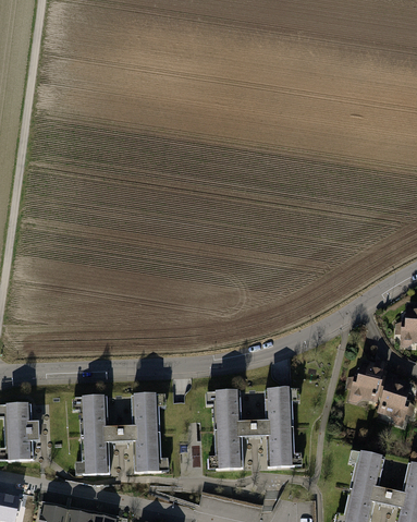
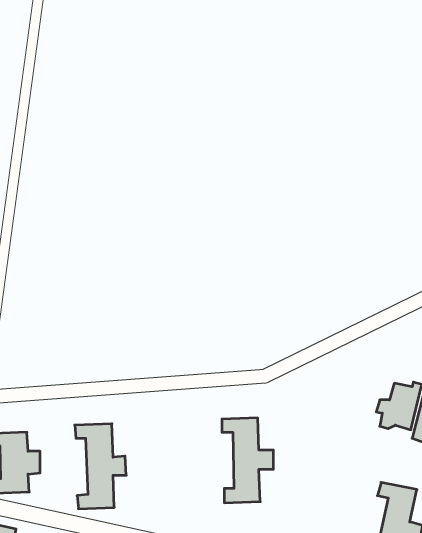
building: [253,389,302,465] -> none
building: [118,396,169,471] -> none

